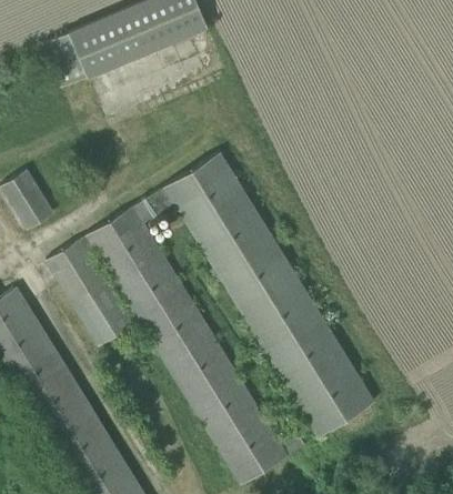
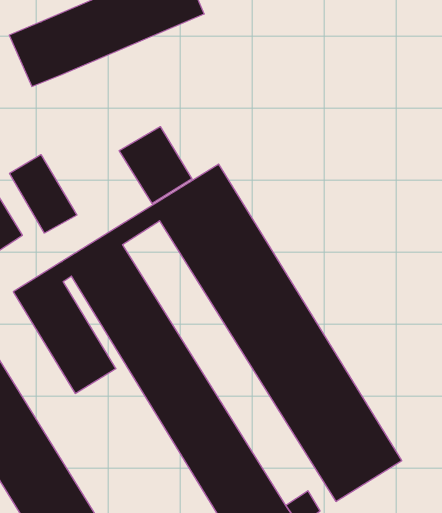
building: none -> [119,127,192,204]
building: none -> [10,155,77,233]

